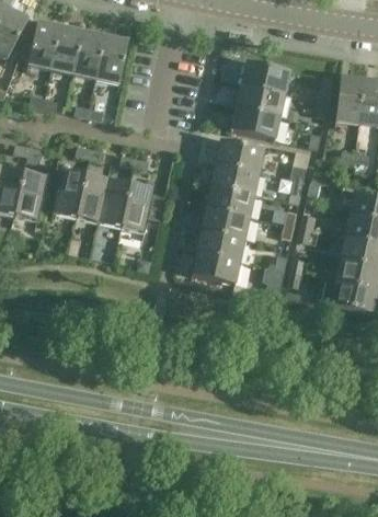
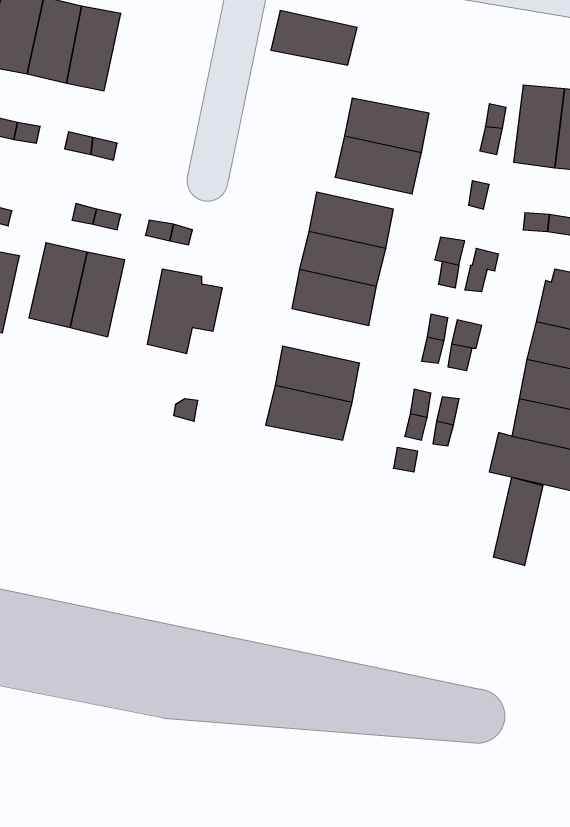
building: [96,34,129,84] -> none
building: [241,60,291,92] -> [271,11,357,65]
building: [99,177,130,227] -> none
building: [201,206,251,238] -> none
building: none -> [494,477,543,566]

